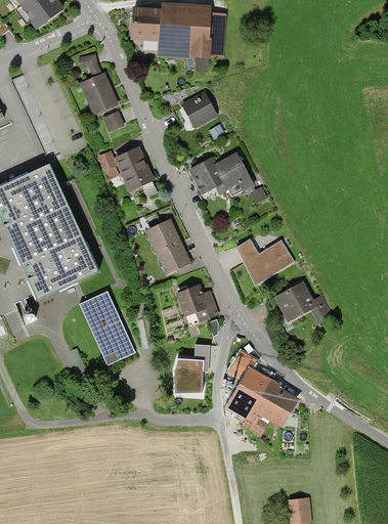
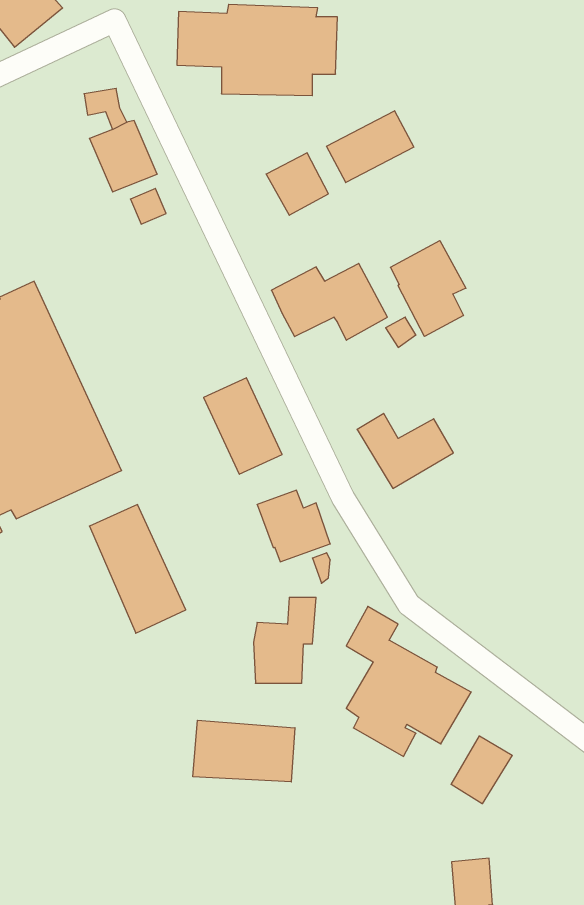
building: none -> [327,111,414,183]
building: none -> [390,241,466,336]
building: [99,146,157,190] -> none
building: [275,280,335,324] -> none
building: none -> [193,720,295,782]
building: none -> [451,736,512,804]

